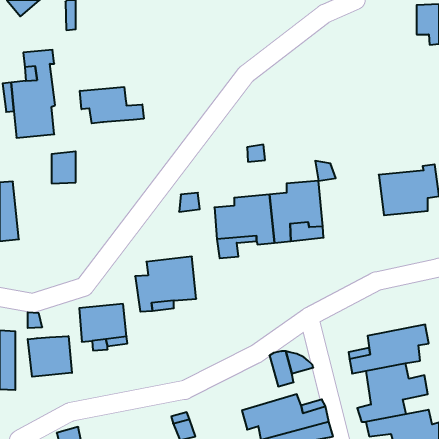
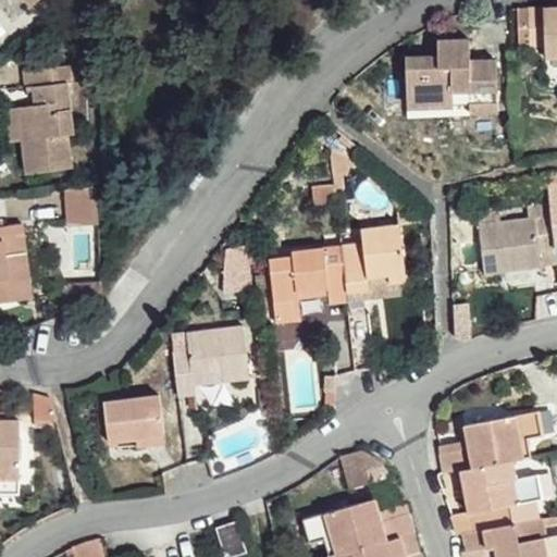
building: none -> [401,35,496,109]
building: [80,87,144,123] -> none
building: [28,336,72,377] -> none

